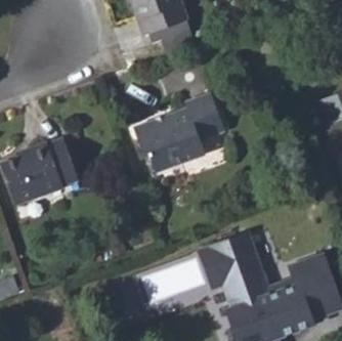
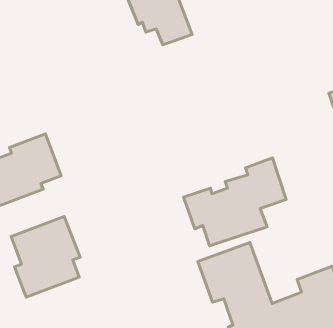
building: [130,93,223,173] -> [183,158,286,246]
building: none -> [11,217,80,297]

